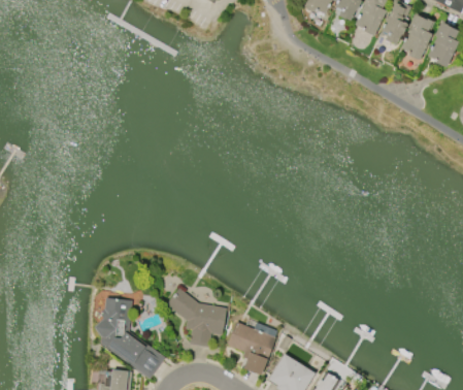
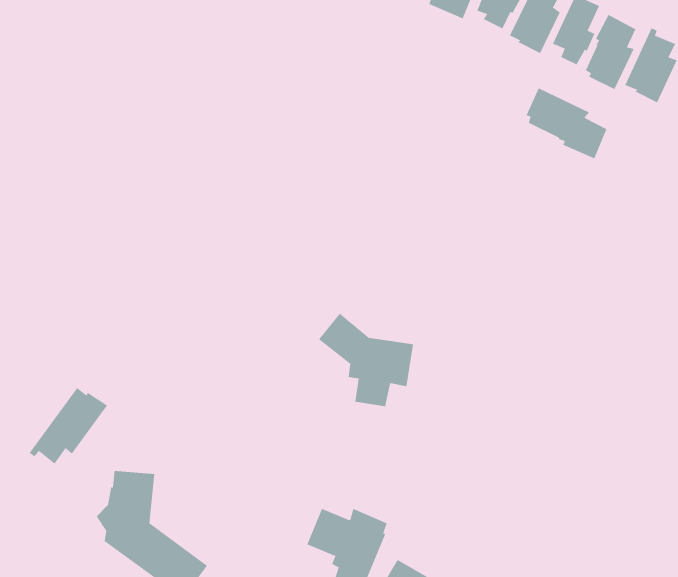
building: none -> [526,88,607,159]
building: none -> [29,387,108,465]
building: [166,289,226,348] -> [318,313,414,407]

